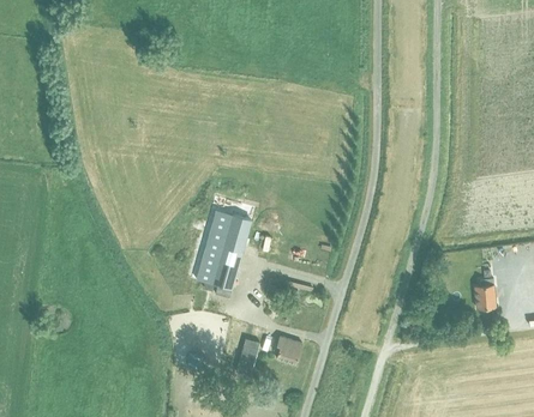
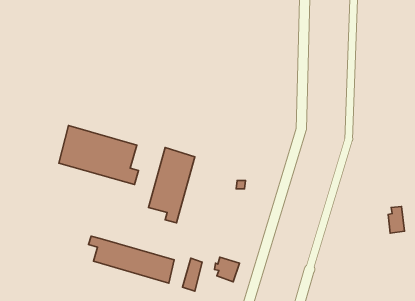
building: none -> [59,125,138,184]
building: none -> [88,236,174,283]

